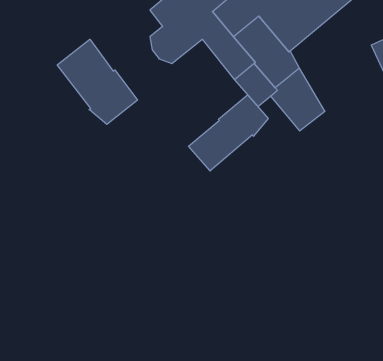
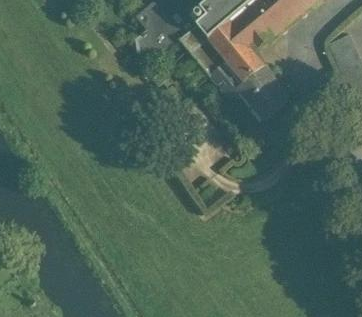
building: [57,39,138,124] -> none
building: [189,95,268,171] -> none

